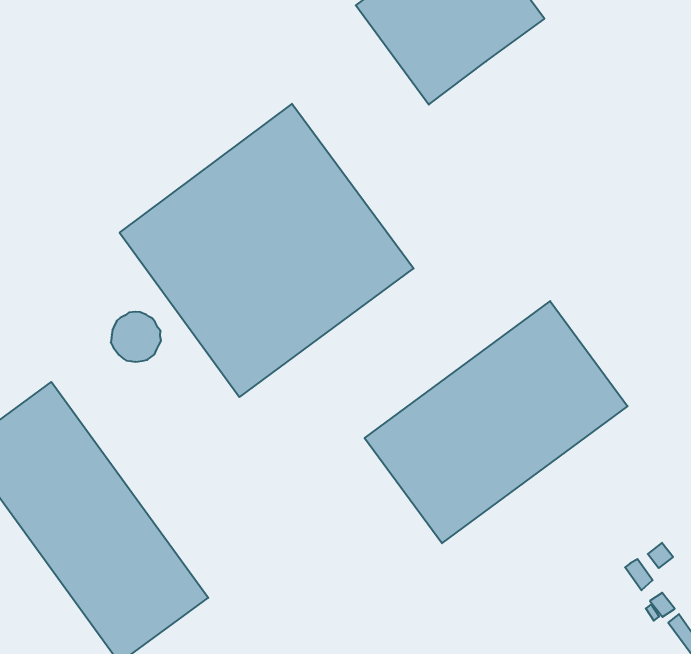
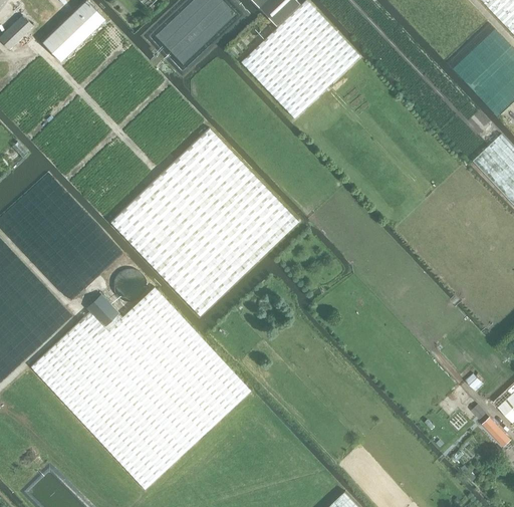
building: [365,301,628,543] -> none
building: none -> [81,287,252,443]

